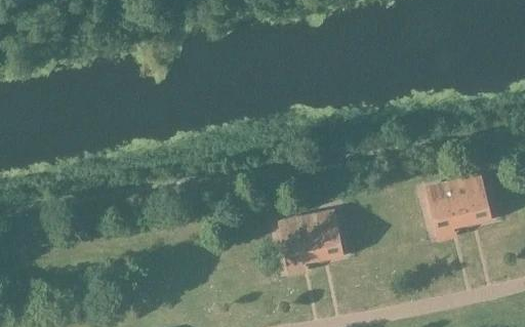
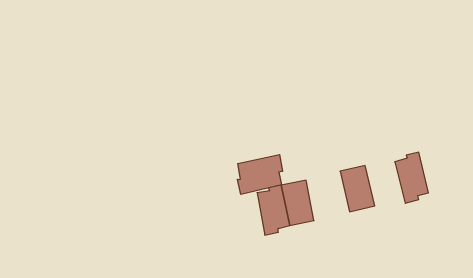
building: [455,177,492,227] -> [340,166,375,212]
building: none -> [237,155,283,194]

